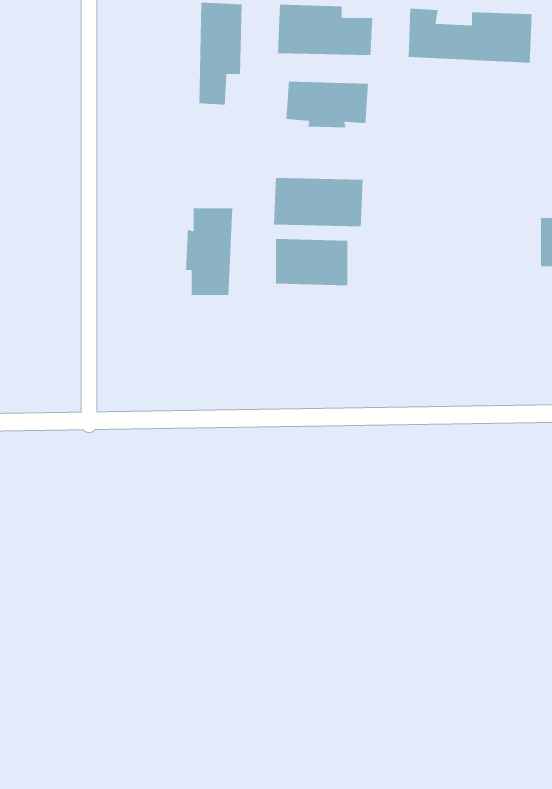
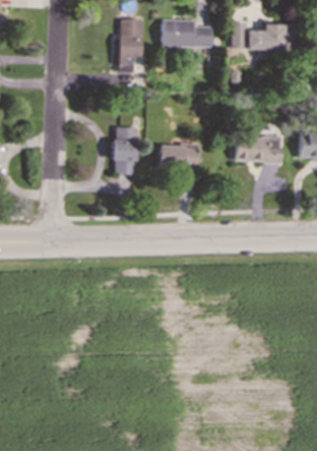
building: [286,81,369,128] -> none
building: [273,177,363,227] -> [235,136,282,163]

